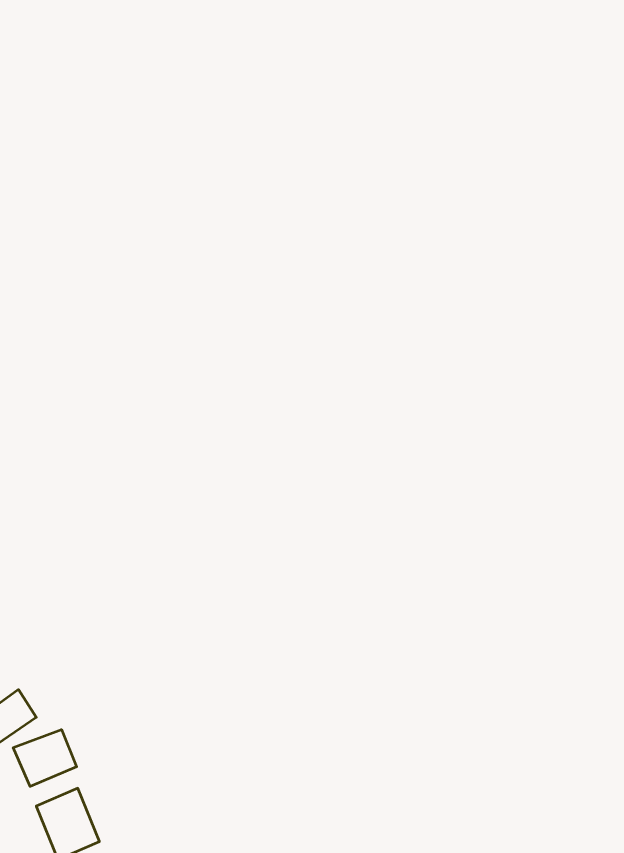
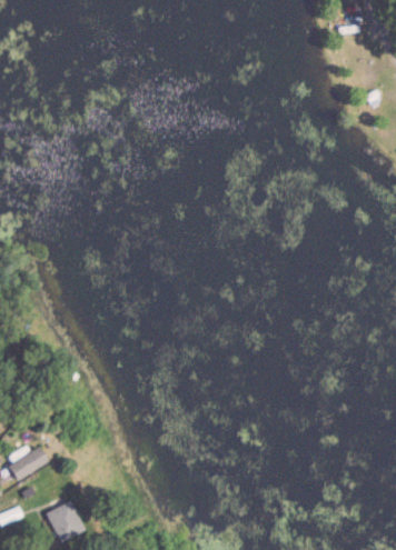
building: [13,730,77,786] -> none

